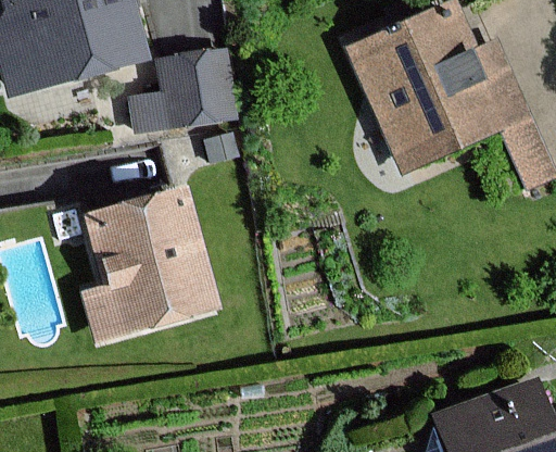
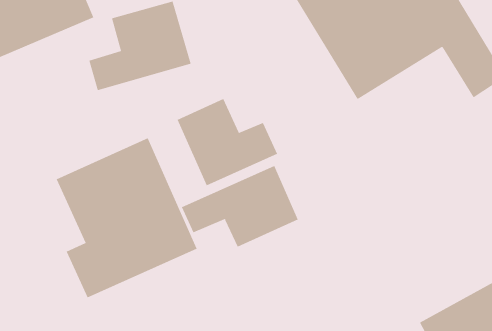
building: none -> [177,98,278,186]
building: none -> [181,165,299,248]

